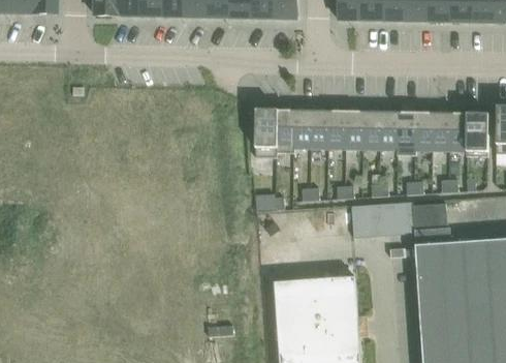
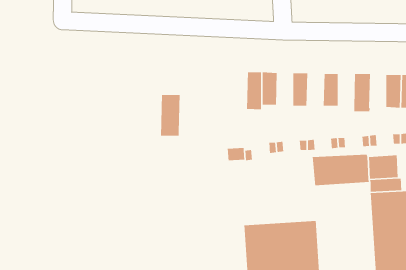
building: [256,110,279,157] -> [160,94,180,137]
building: [312,111,329,149] -> none
building: [346,111,365,149] -> none
building: [381,112,399,150] -> none
building: [416,112,434,150] -> none

